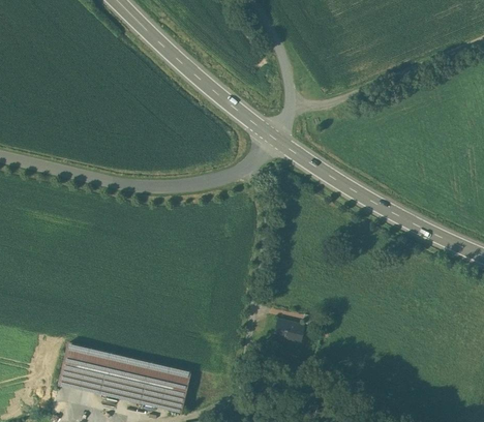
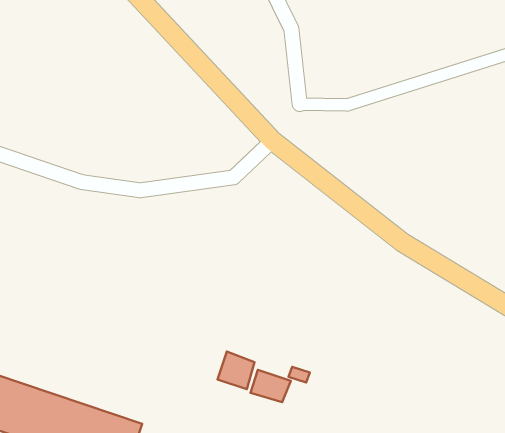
building: none -> [217,352,255,389]

